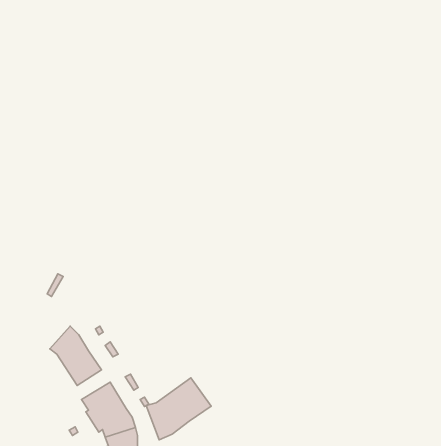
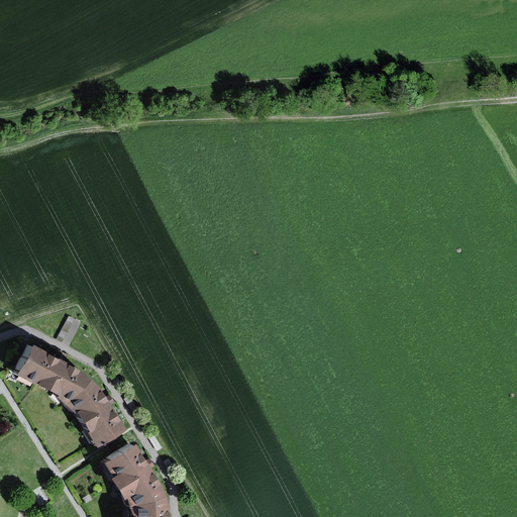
building: none -> [16,344,88,404]
building: [146,378,211,440] -> none

